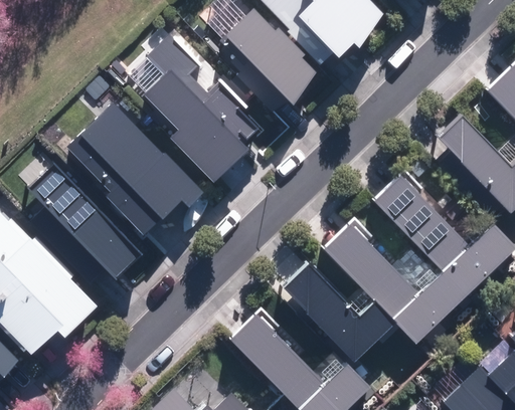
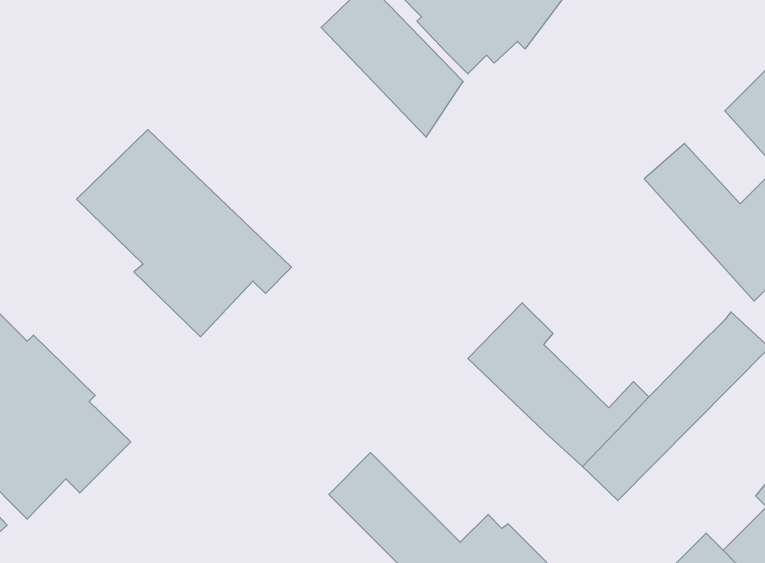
building: [126,31,260,184] -> none
building: [29,163,142,279] -> none
building: [370,167,487,271] -> none
building: [280,263,394,365] -> none

